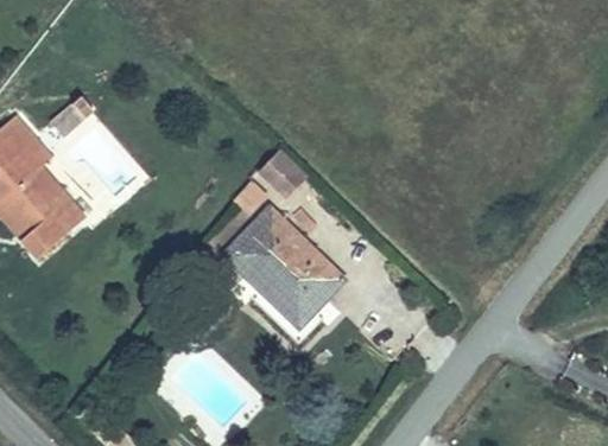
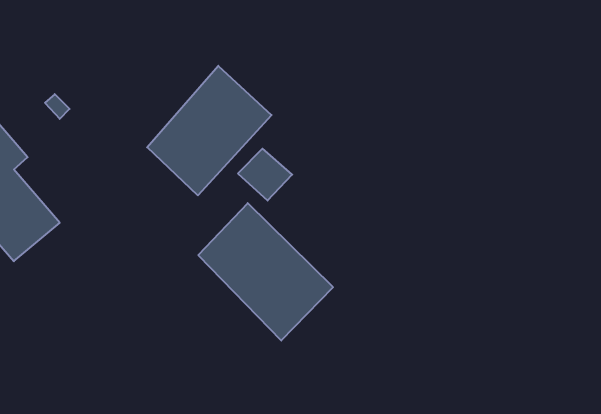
building: none -> [147,66,272,195]

